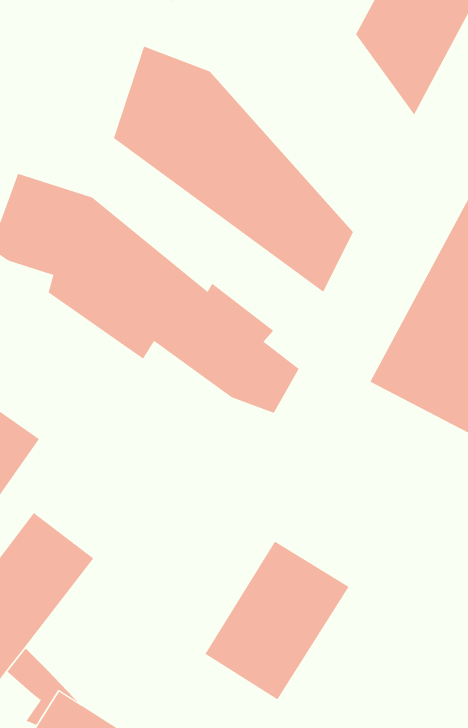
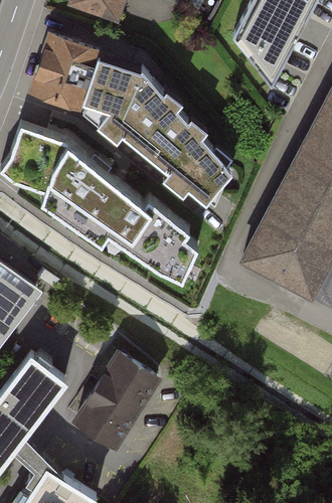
building: none -> [29,32,100,107]
building: [205,541,349,700] -> [71,344,163,445]

